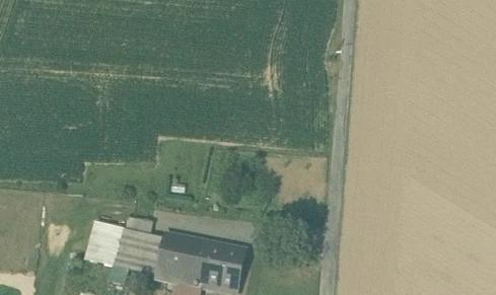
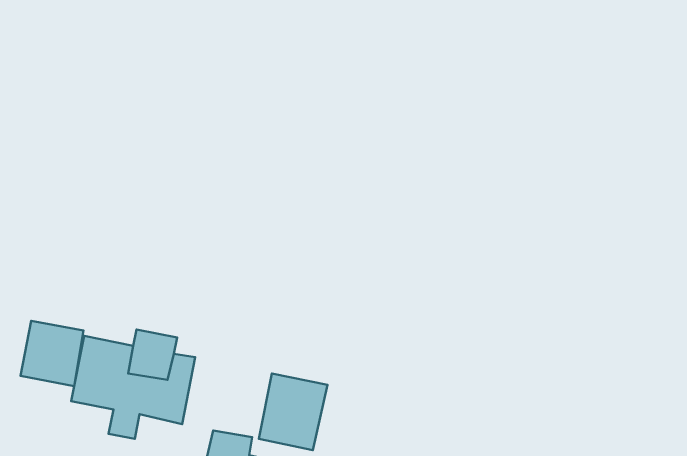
building: none -> [20,321,84,386]
building: [155,232,211,283] -> none

